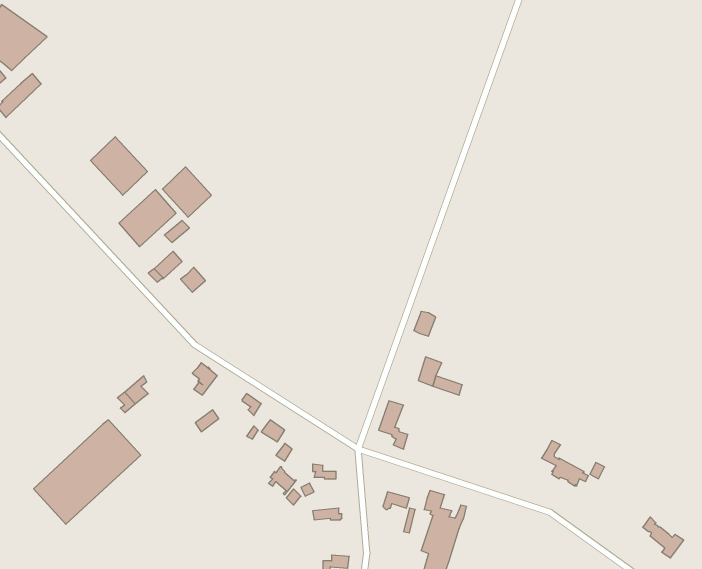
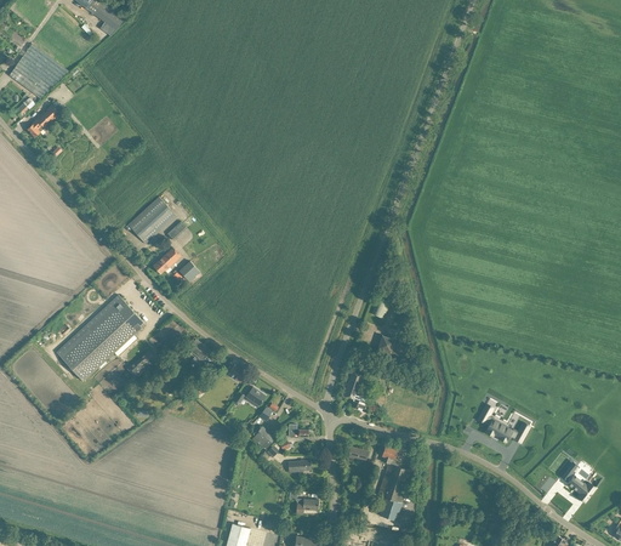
building: [91,137,147,195] -> none
building: [162,167,211,217] -> none
building: [34,420,141,524] -> [57,295,146,381]

